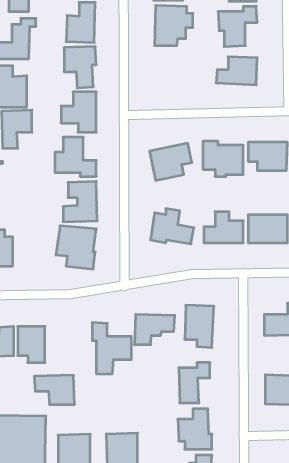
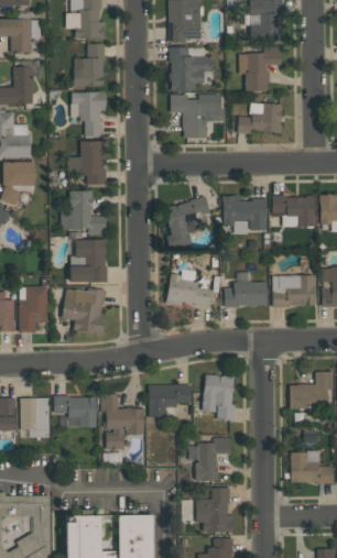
building: none -> [170,94,222,138]
building: none -> [19,286,47,332]
building: [34,375,75,404] -> [53,395,97,427]

